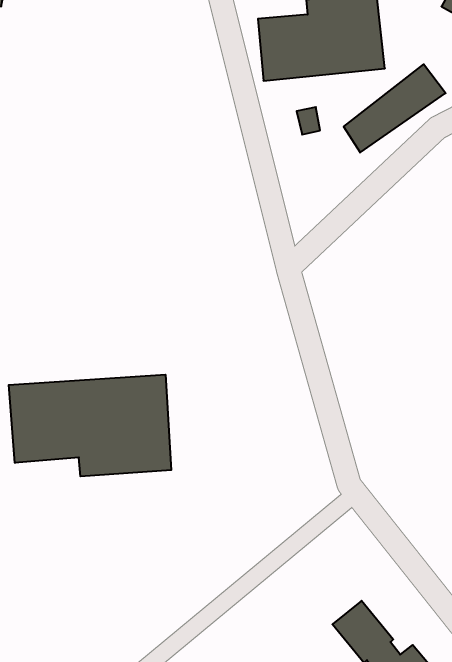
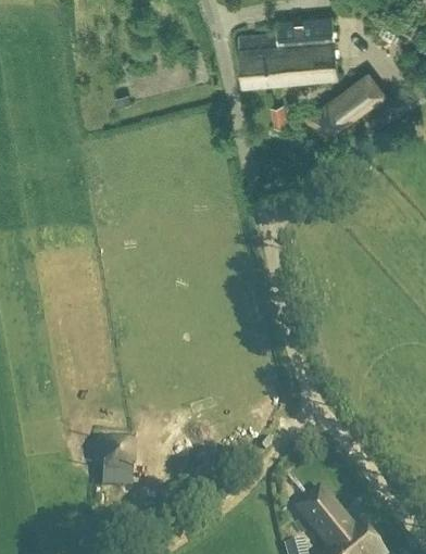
building: [9,375,171,476] -> none
building: none -> [101,443,134,476]

